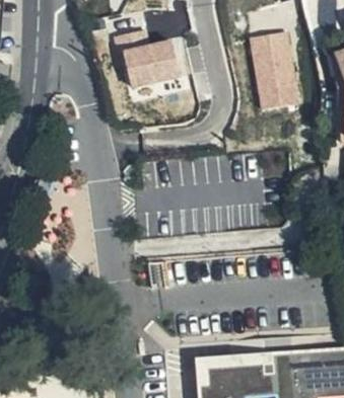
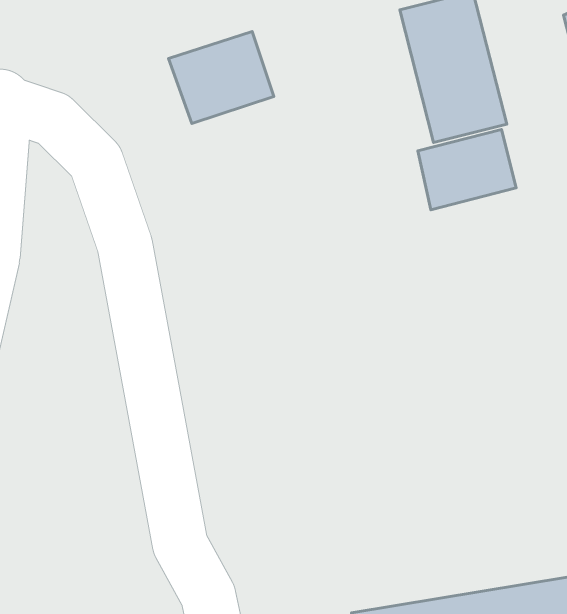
building: none -> [418,129,516,210]

